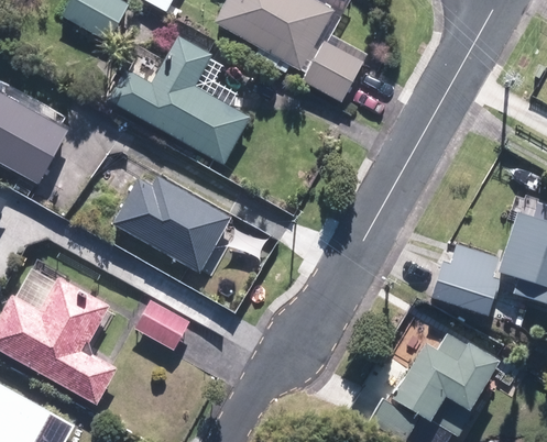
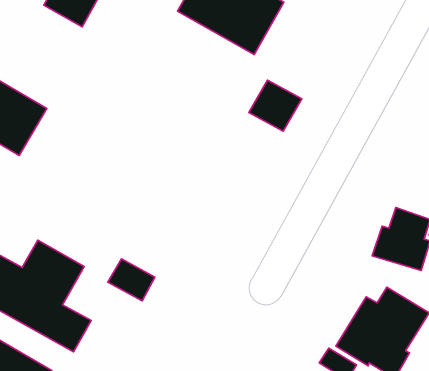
building: [107,37,250,165] -> none
building: [303,42,362,99] -> [249,80,302,131]
building: [112,176,229,270] -> none

